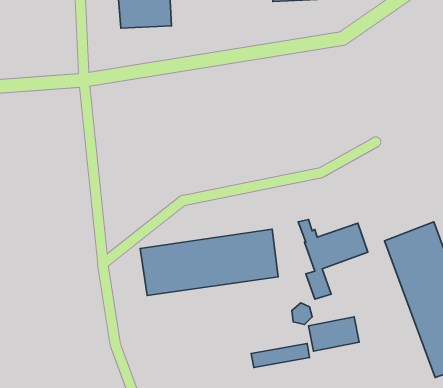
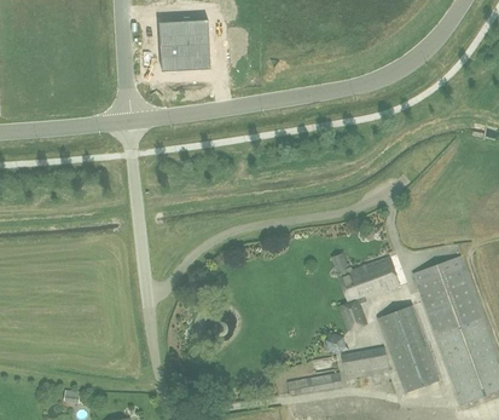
building: [140,229,278,295] -> none
building: none -> [377,304,439,391]

